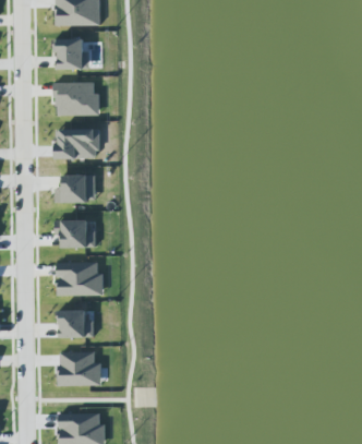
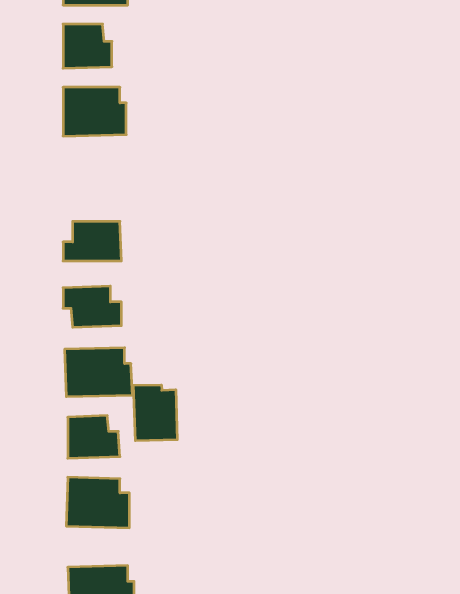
building: [56,128,99,159] -> none
building: none -> [134,385,177,441]

